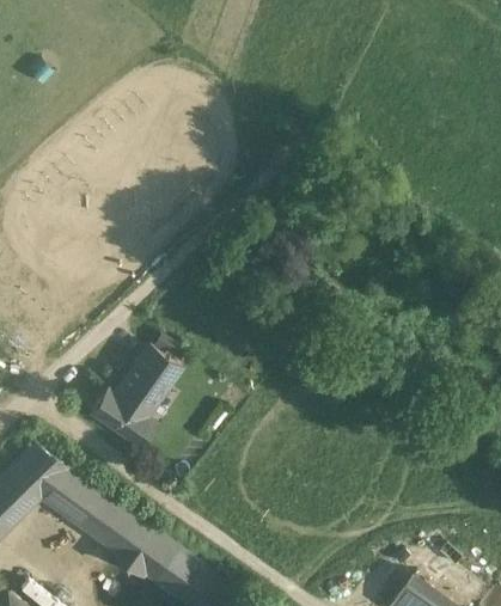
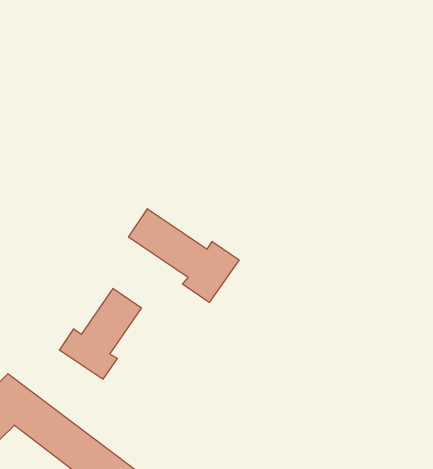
building: none -> [129,209,239,302]

